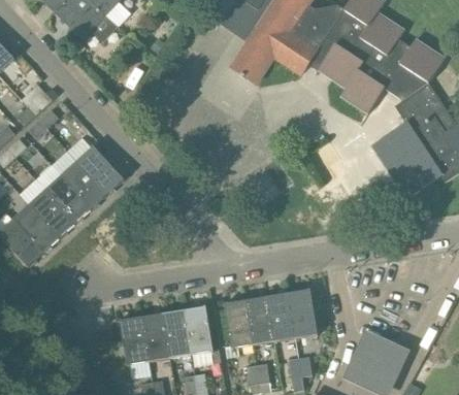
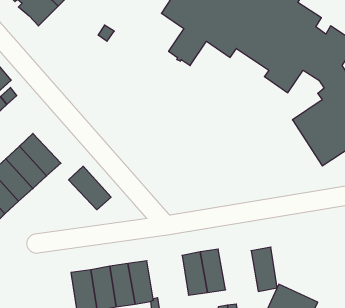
building: [76,144,125,194] -> [69,166,111,210]
building: [288,288,318,338] -> [251,247,277,291]
building: [224,299,254,349] -> none

